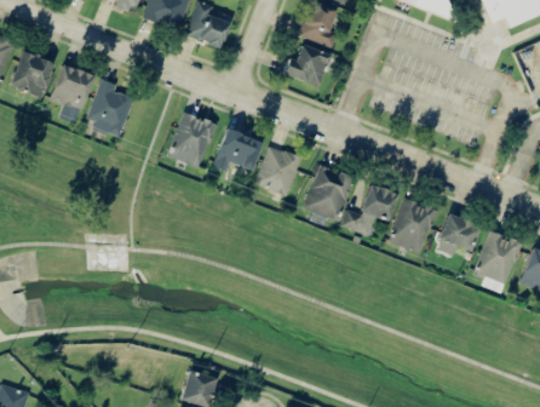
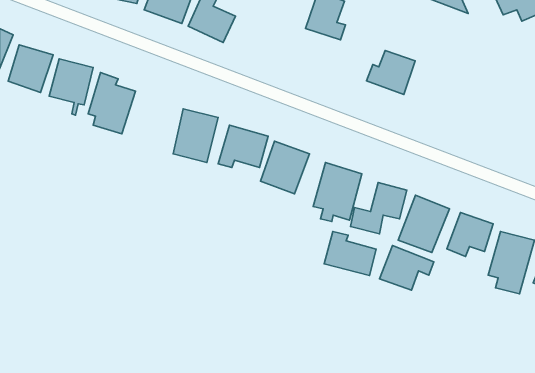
building: [283,44,331,86] -> [366,51,415,94]
building: none -> [324,231,376,276]
building: none -> [380,245,434,290]

